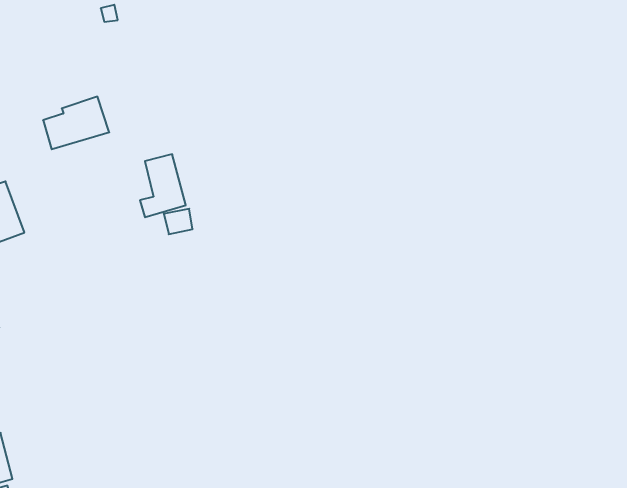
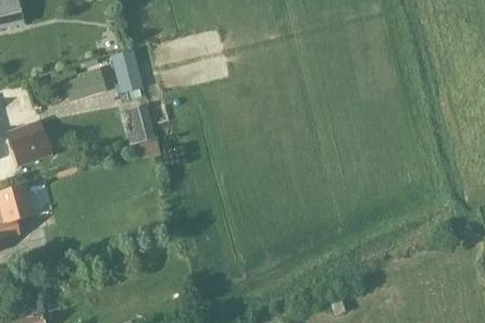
building: none -> [110,48,141,91]

